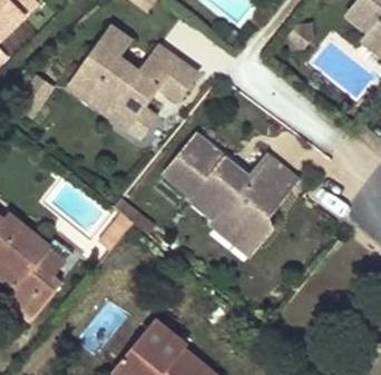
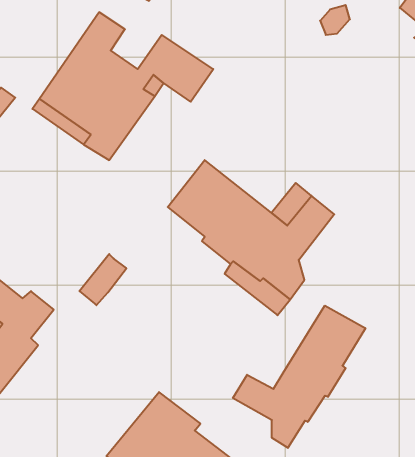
building: none -> [233,306,365,448]

